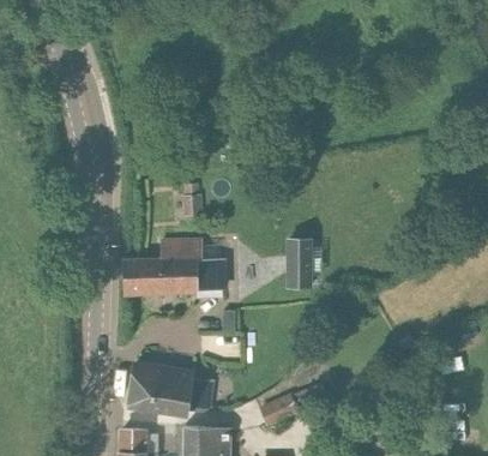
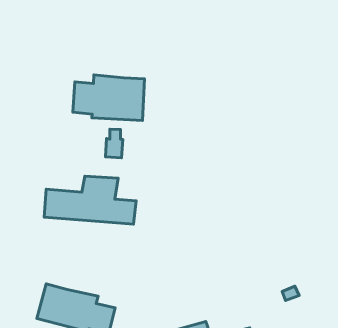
building: none -> [73,75,144,121]
building: [285,240,312,288] -> none

